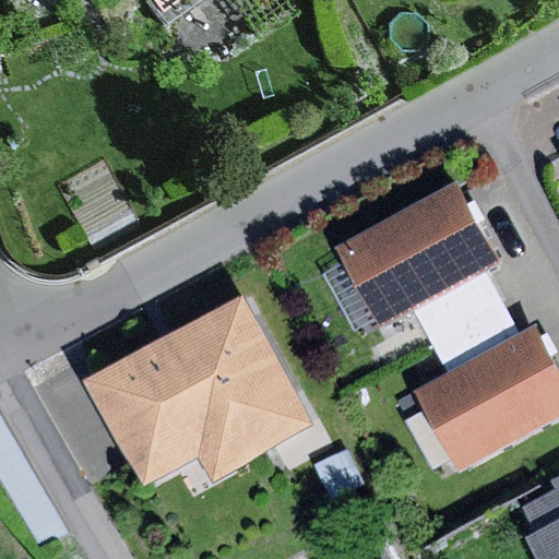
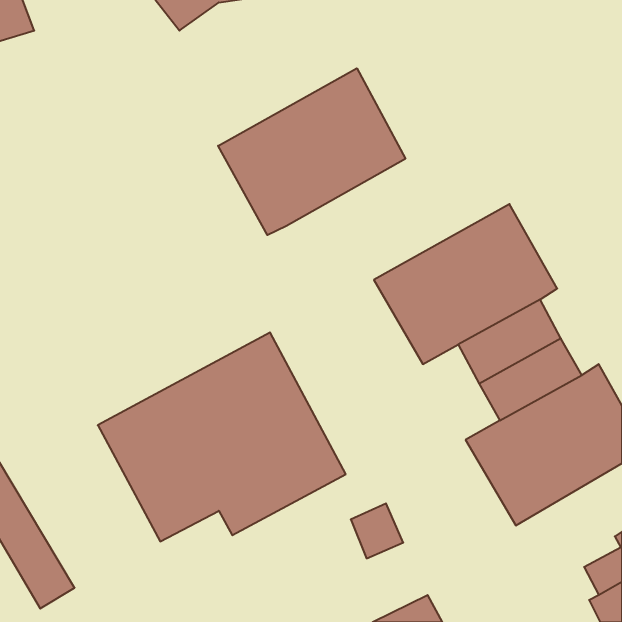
building: none -> [218,68,405,235]

